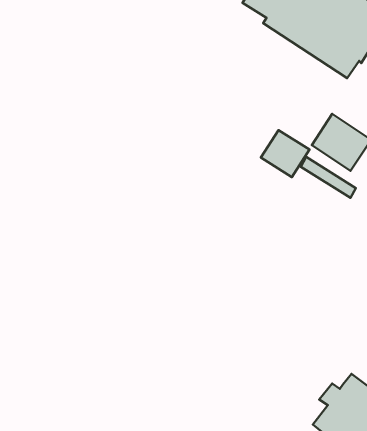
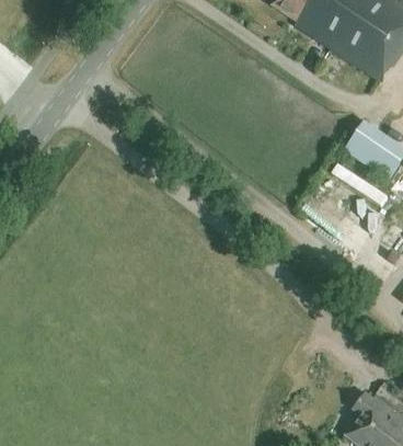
building: [261,130,309,177] -> none

